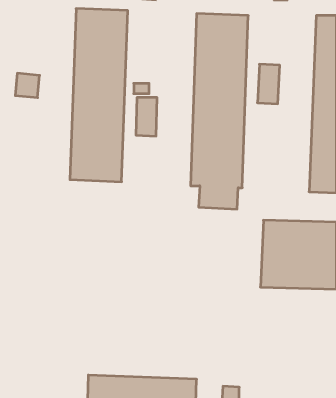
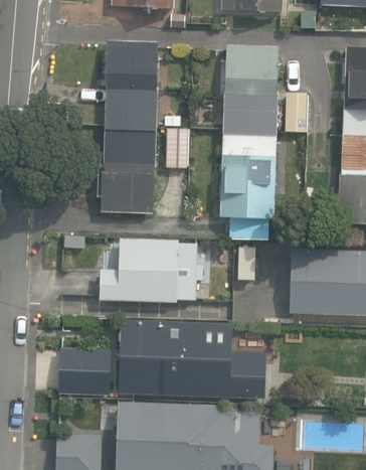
building: none -> [100,236,205,301]
building: none -> [121,321,267,402]
building: none -> [59,346,111,389]

